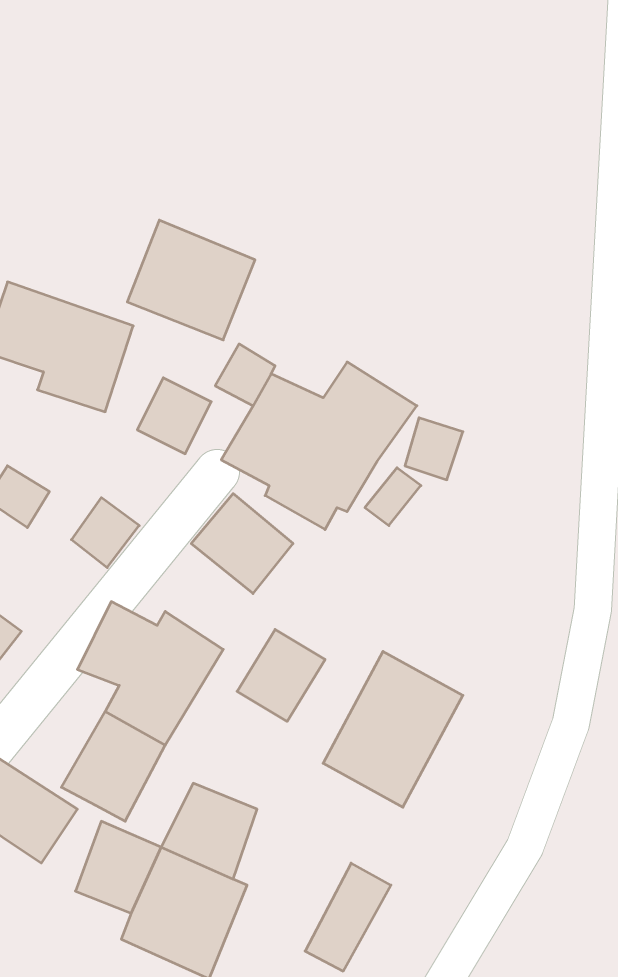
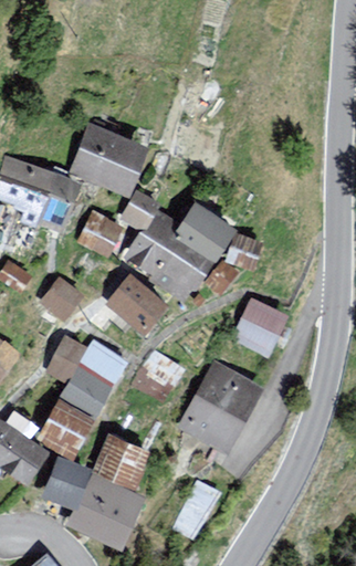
building: none -> [232,298,291,354]

